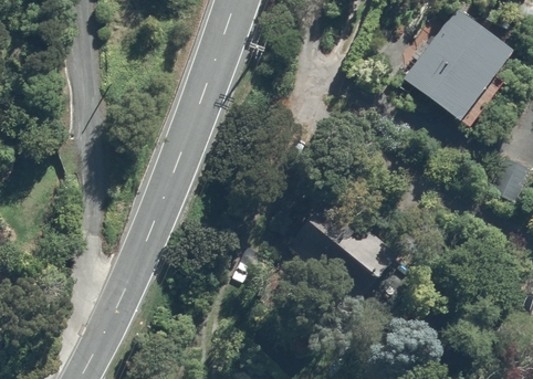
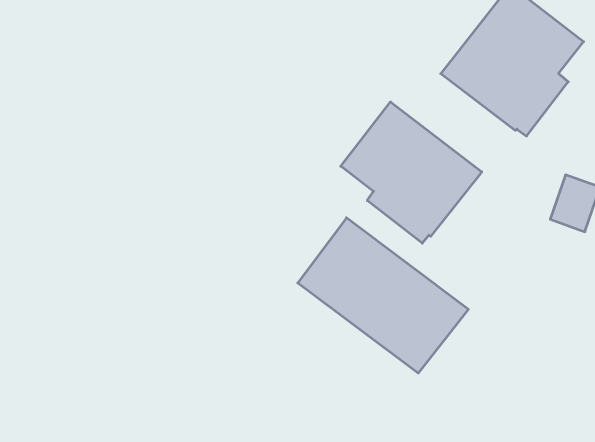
building: none -> [341,102,482,243]

